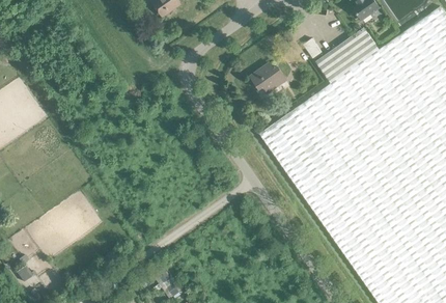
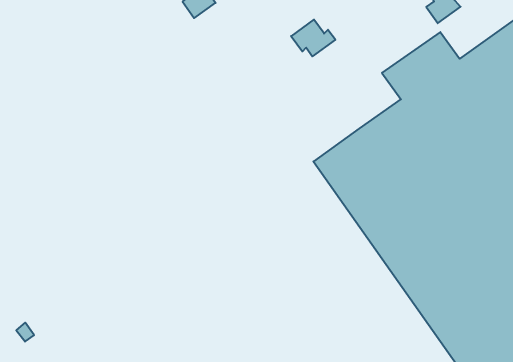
building: [251,62,287,92] -> [291,20,335,56]

